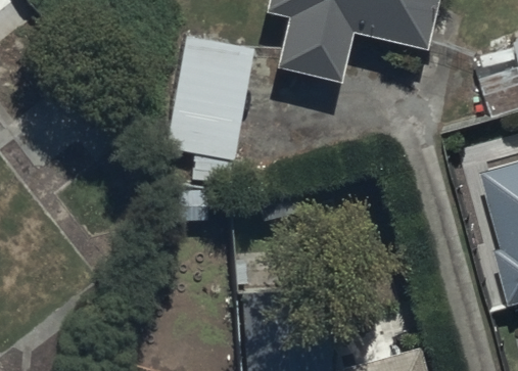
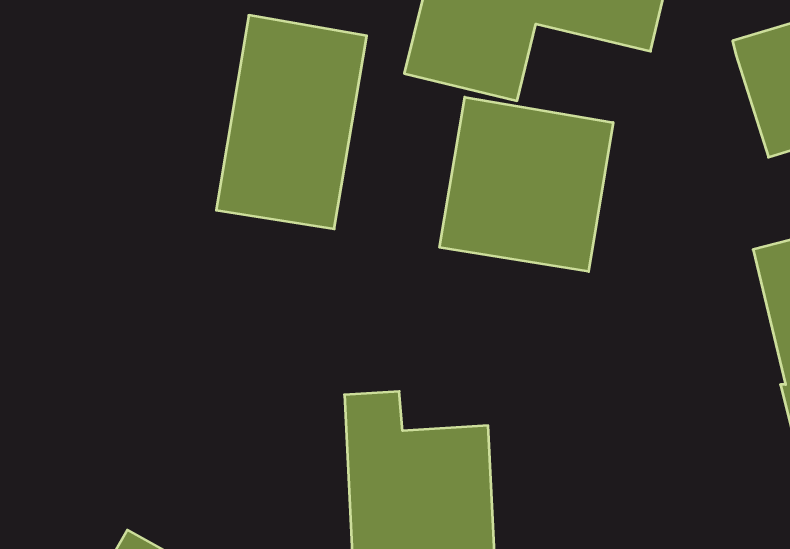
building: none -> [440,97,613,272]

